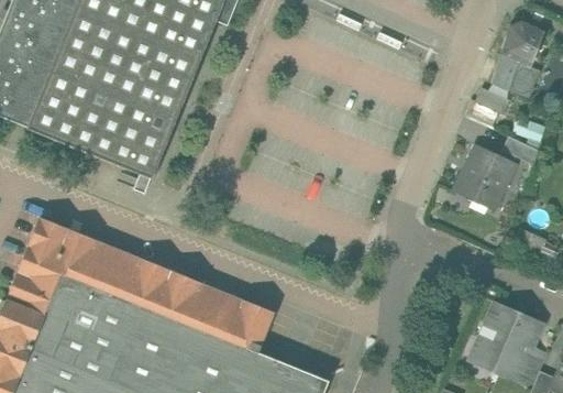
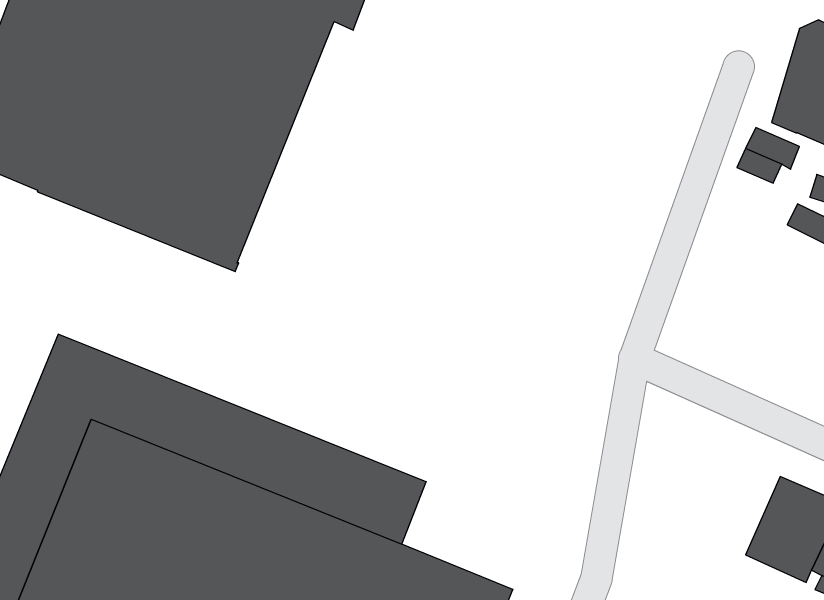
building: [452,145,516,211] -> none

